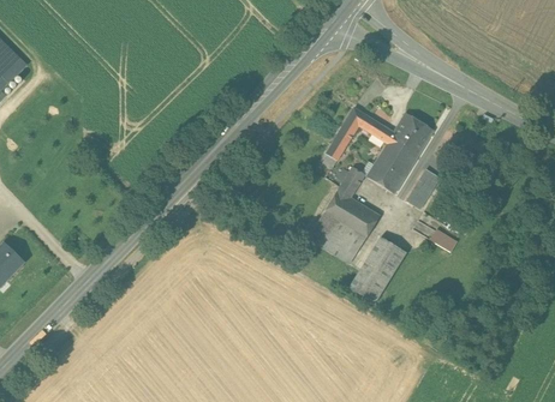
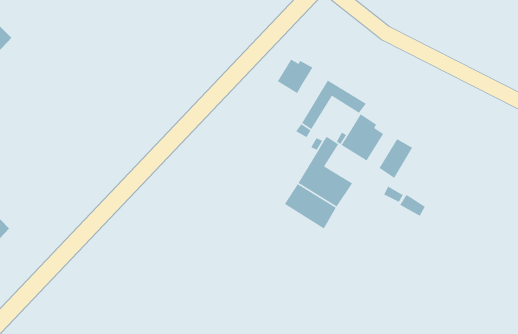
building: none -> [277,58,314,94]
building: [387,113,432,163] -> none
building: [348,236,406,302] -> none

